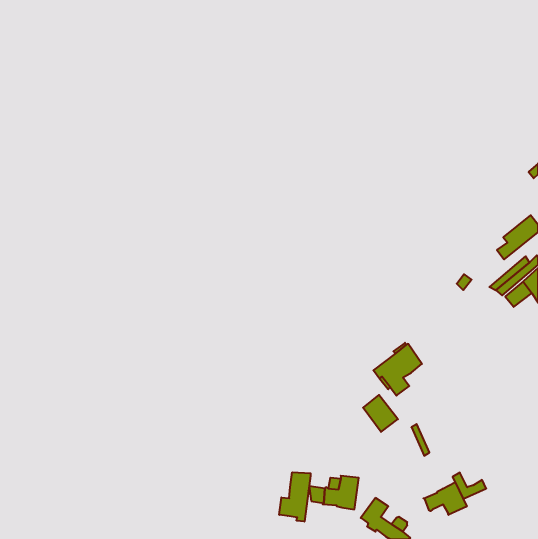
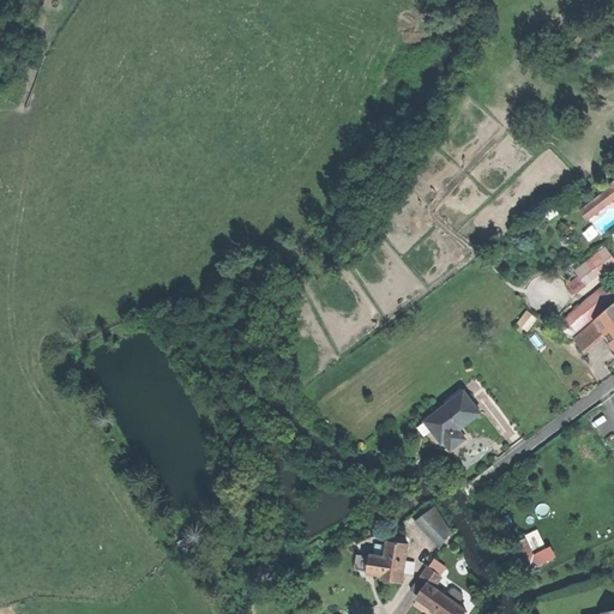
building: [363,395,398,432] -> [415,505,455,547]
building: [279,472,311,522] -> none
building: [423,482,467,515] -> none

